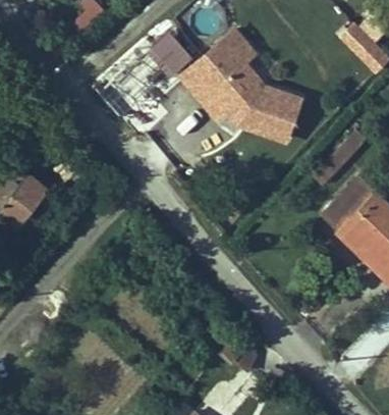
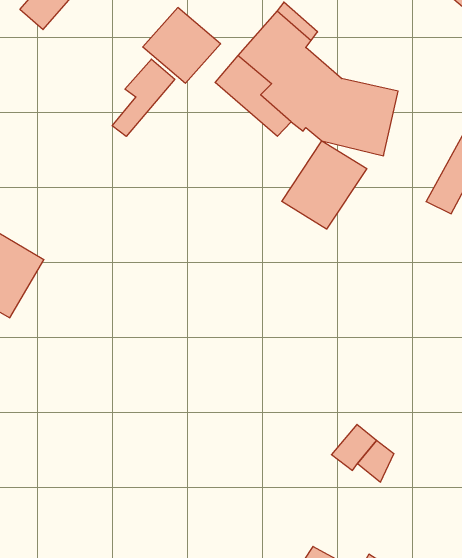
building: none -> [112,59,175,136]
building: none -> [282,141,367,229]

